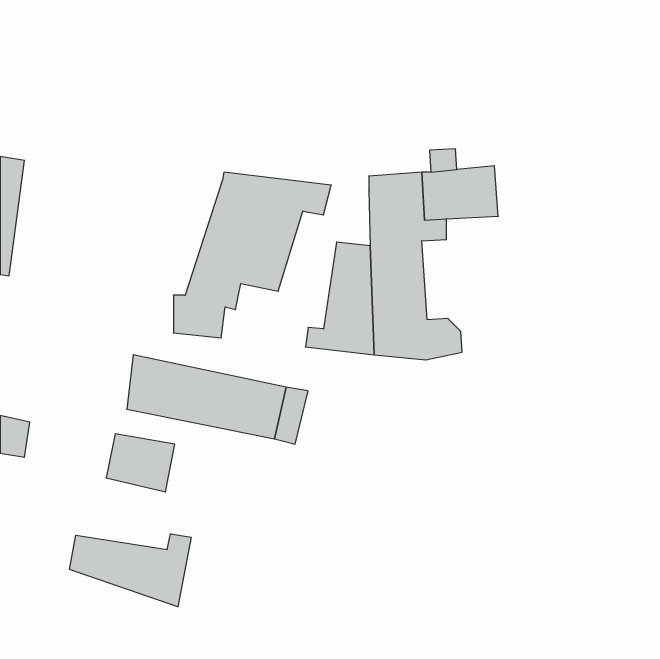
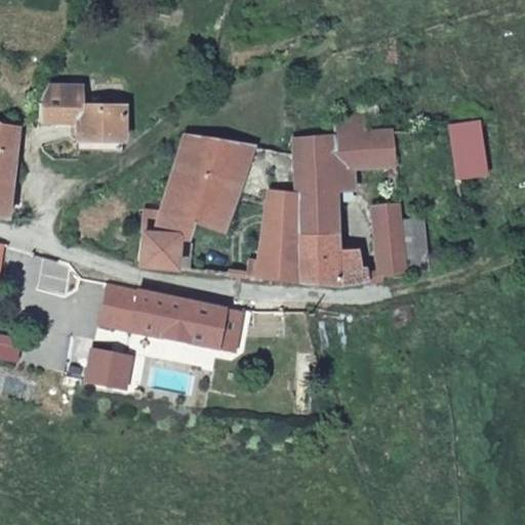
building: none -> [40,85,121,142]
building: none -> [450,125,485,177]
building: none -> [374,204,425,276]
building: [69,534,191,607] -> none

